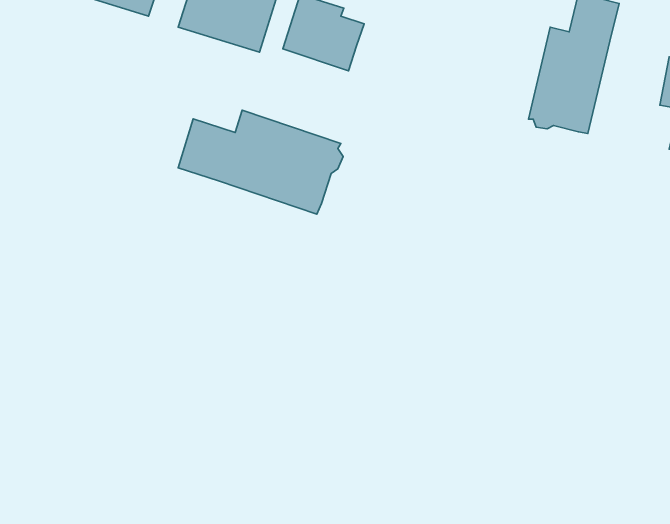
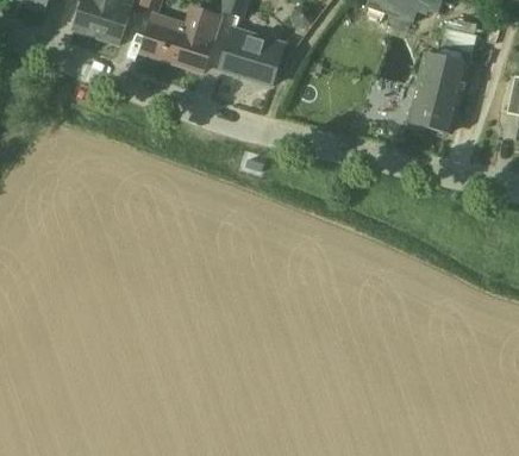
building: [178,110,343,214] -> none

